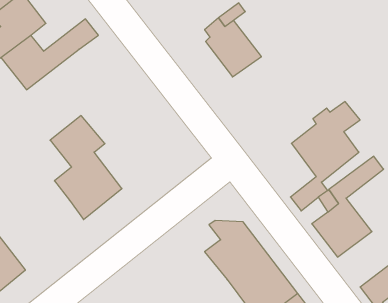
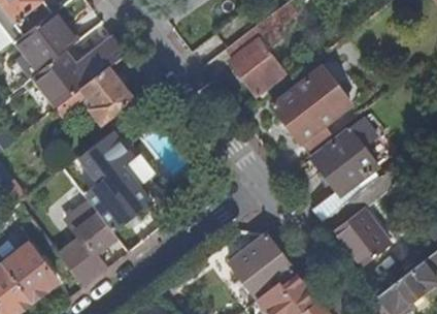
building: none -> [56,67,133,125]
building: none -> [271,68,349,156]
building: none -> [59,213,115,287]

